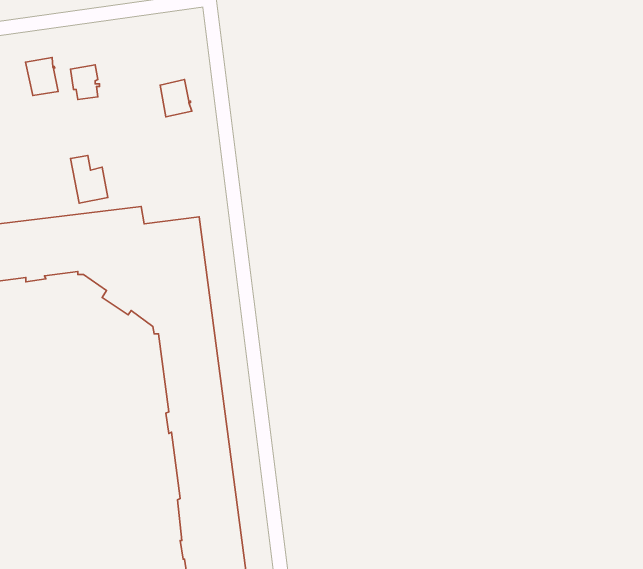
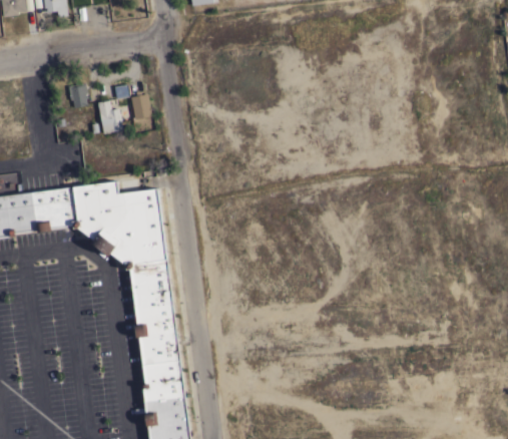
building: [26,57,58,96] -> none
building: [70,156,108,203] -> [97,100,123,133]

